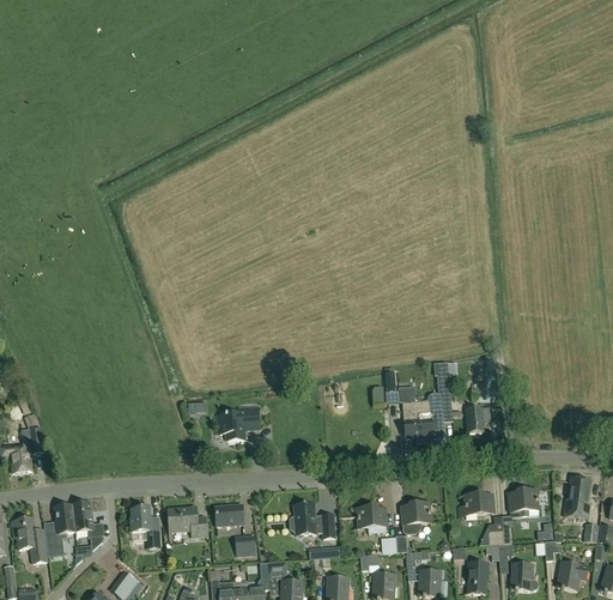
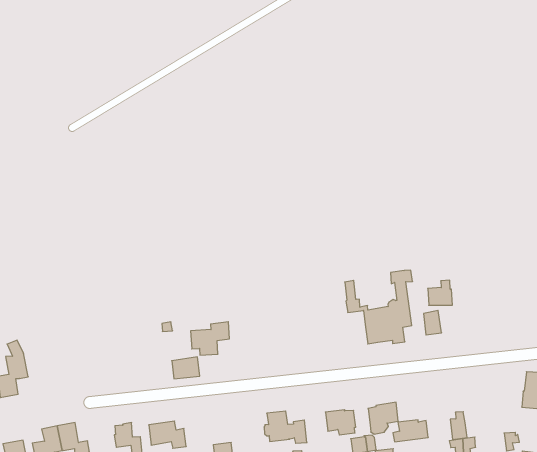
building: [509,489,539,511] -> none
building: [457,493,494,515] -> [393,420,428,442]
building: [214,504,243,526] -> [172,357,200,379]

